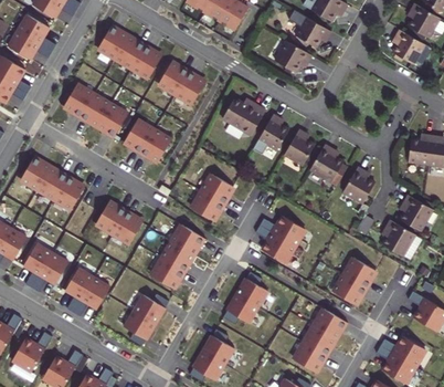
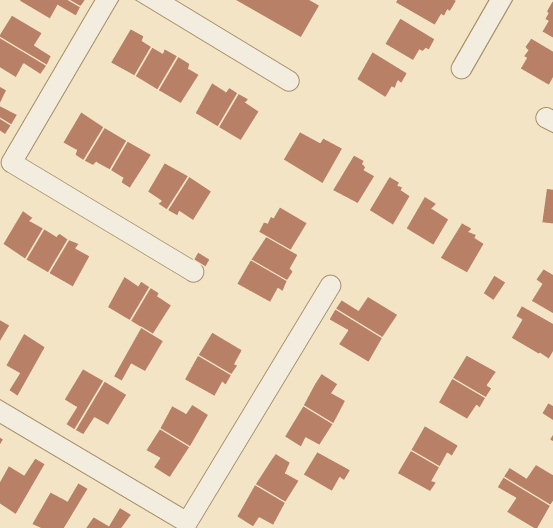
building: none -> [258,207,308,250]
building: [171,224,205,254] -> none
building: [32,252,68,291] -> [113,327,164,381]
building: [294,343,328,372] -> [303,452,351,492]

